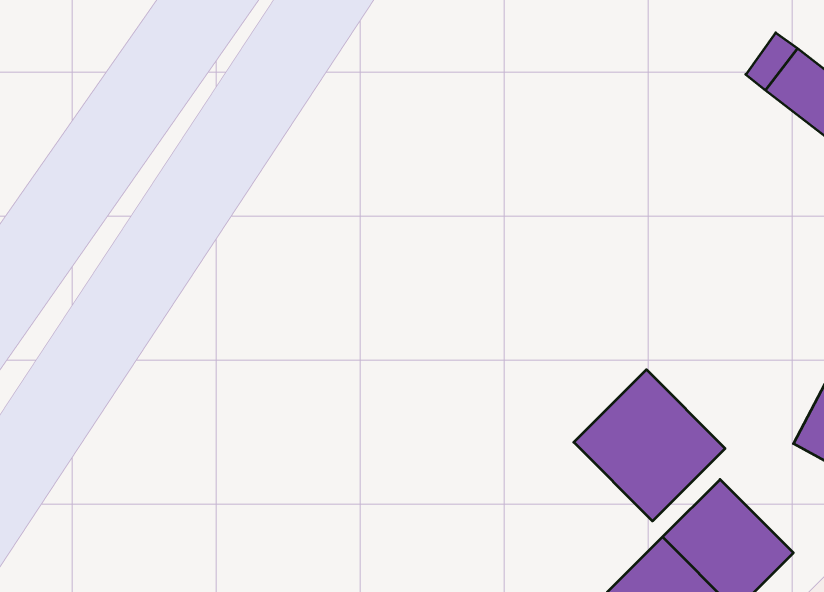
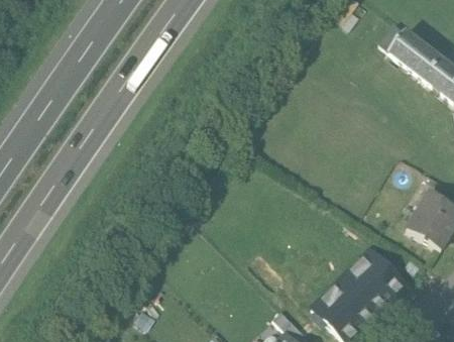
building: [574,370,725,521] -> none

